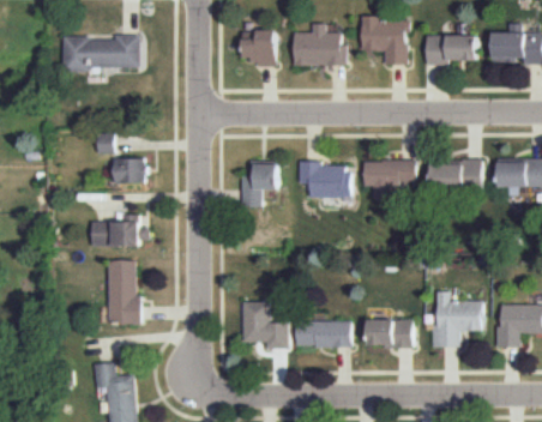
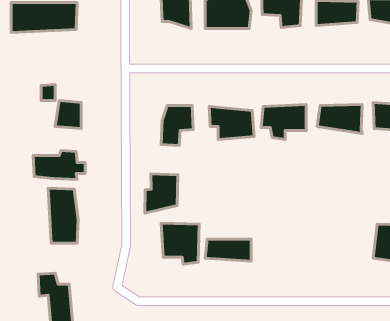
building: none -> [145,174,178,213]
building: [428,290,483,349] -> none
building: [366,319,411,348] -> none

